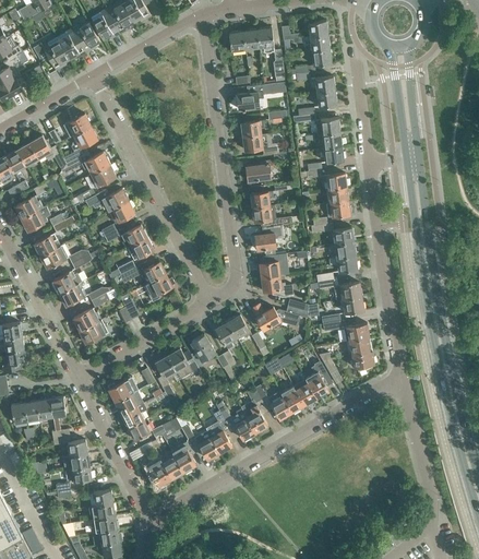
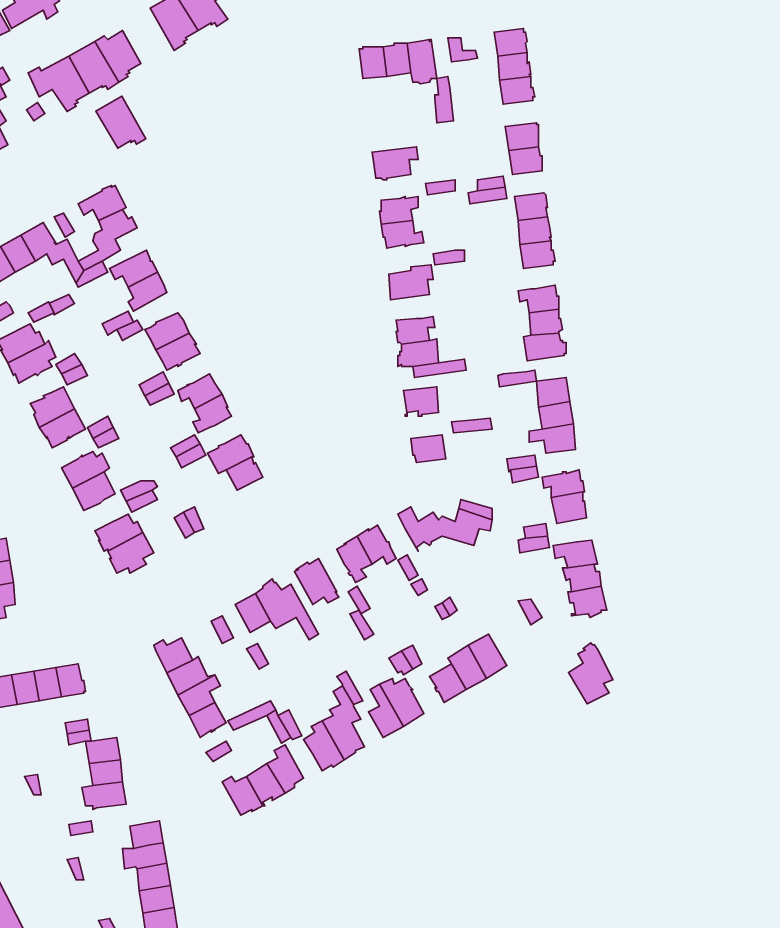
building: [89,9,119,39] -> [96,96,146,148]
building: [260,275,292,297] -> none
building: [304,361,331,397] -> [569,643,613,704]

